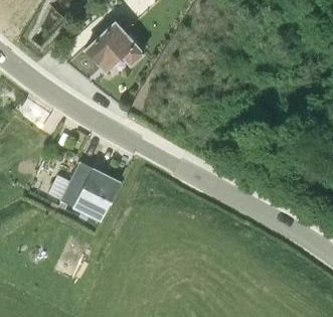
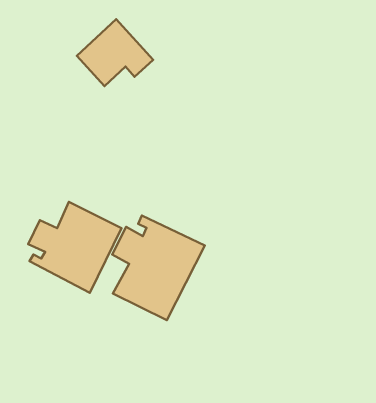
building: none -> [112,215,205,320]

